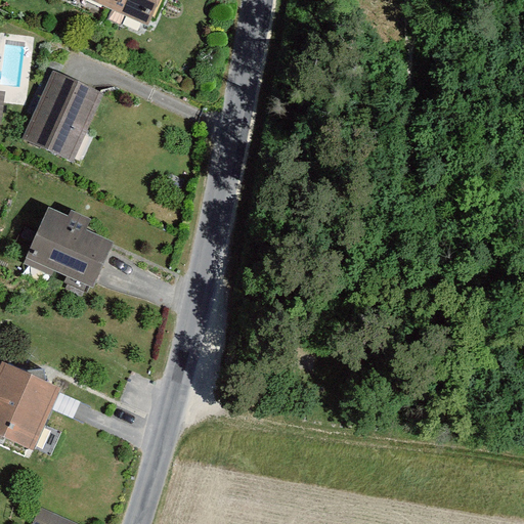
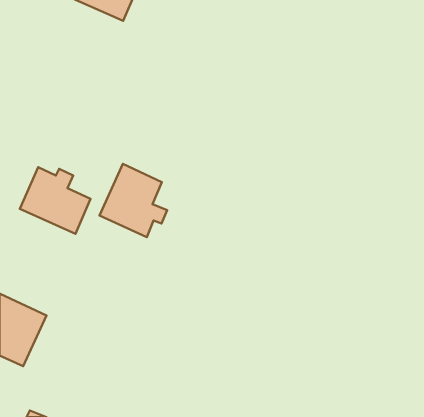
building: [23,69,101,158] -> none
building: none -> [100,164,167,237]

